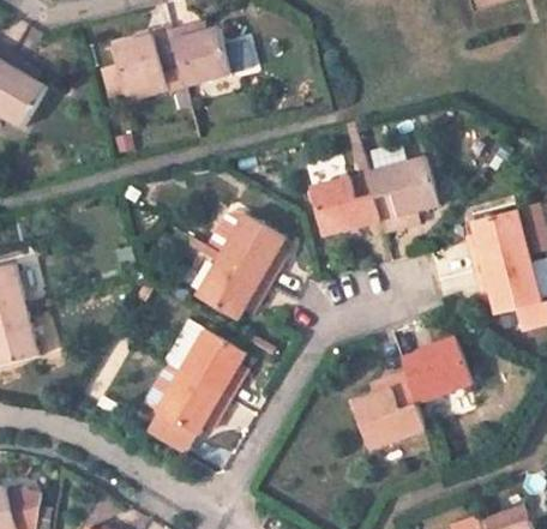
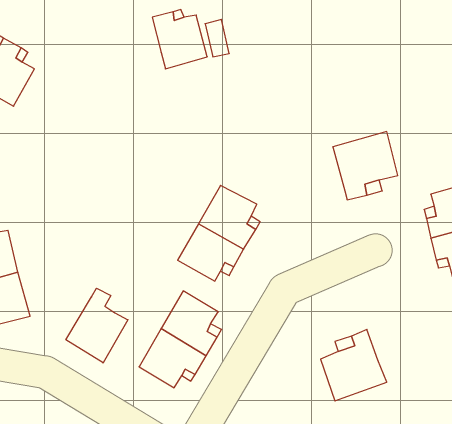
building: [110,30,179,95] -> none
building: [307,172,379,235] -> none
building: none -> [66,288,128,363]
building: [398,336,473,404] -> none

